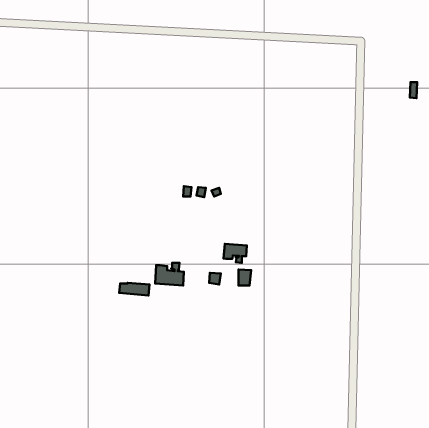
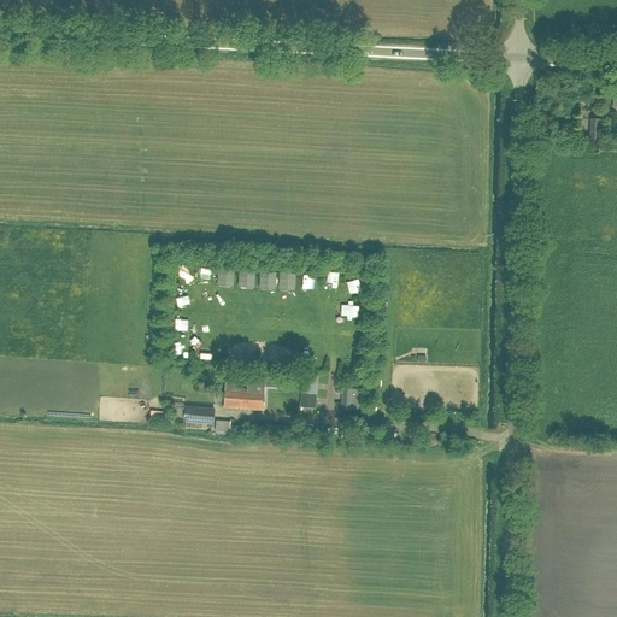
building: [224,244,247,263] -> none

